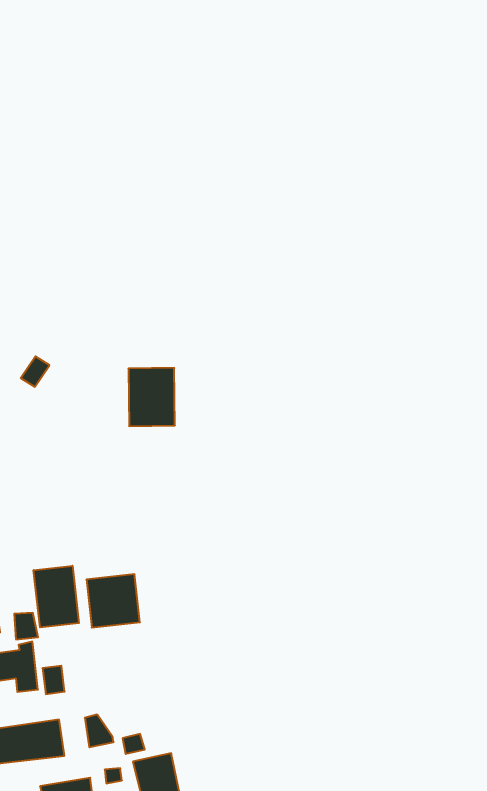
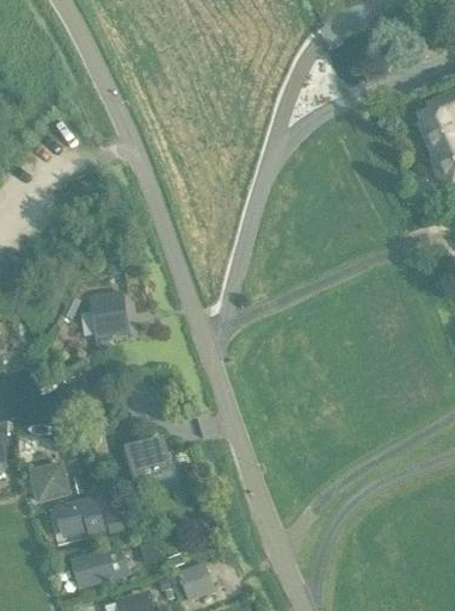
building: [128,368,175,426] -> [90,290,128,335]
building: [34,566,79,627] -> none

